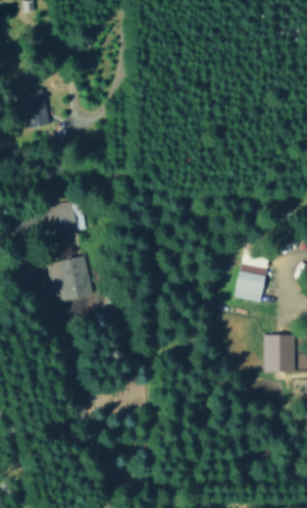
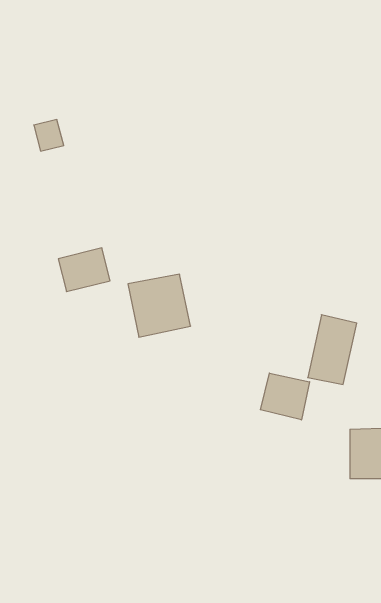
building: [46,256,93,303] -> [128,274,191,337]
building: none -> [260,373,310,420]

